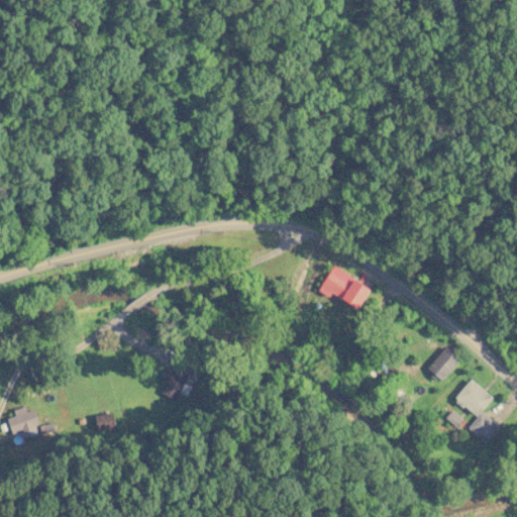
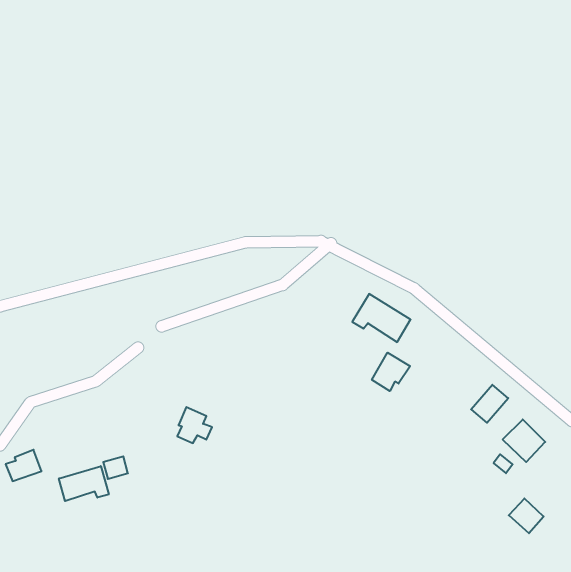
building: none -> [372,353,410,391]
building: [469,412,500,443] -> [509,498,544,533]
building: none -> [59,466,109,501]

